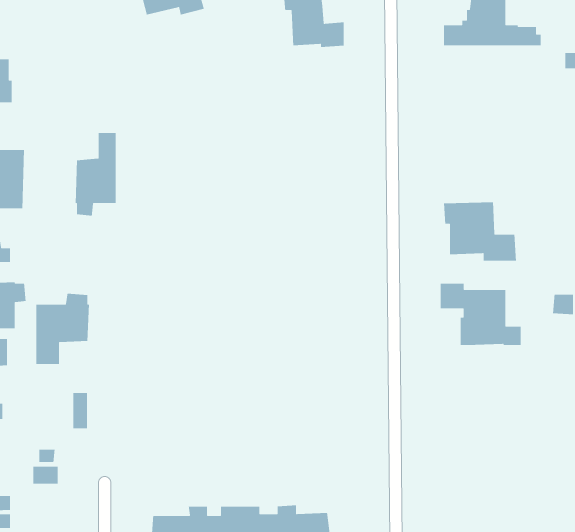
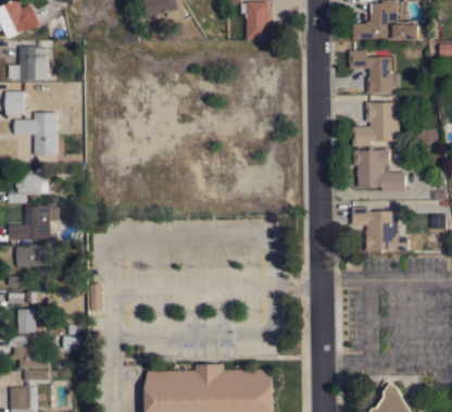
building: none -> [350,50,392,93]
building: [75,132,117,217] -> none
building: none -> [352,102,399,146]
building: [35,293,90,365] -> none

